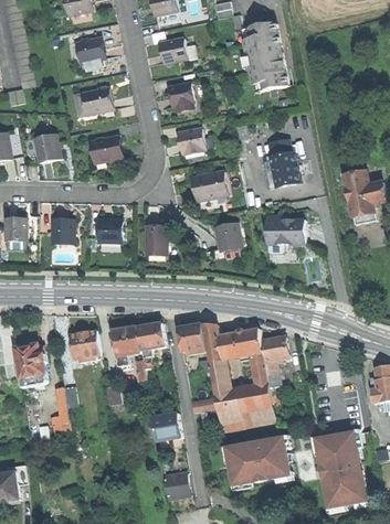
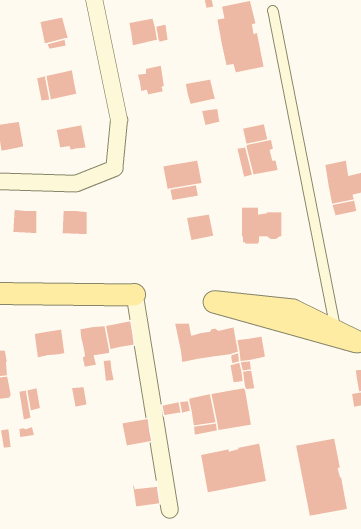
building: [176,128,204,152] -> [185,79,215,104]
building: [144,225,166,252] -> none
building: [177,322,208,354] -> none
building: [209,359,231,395] -> none

